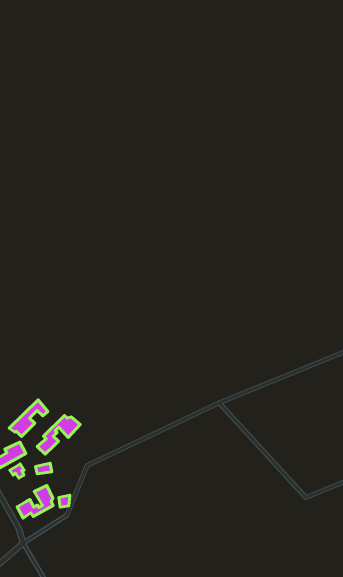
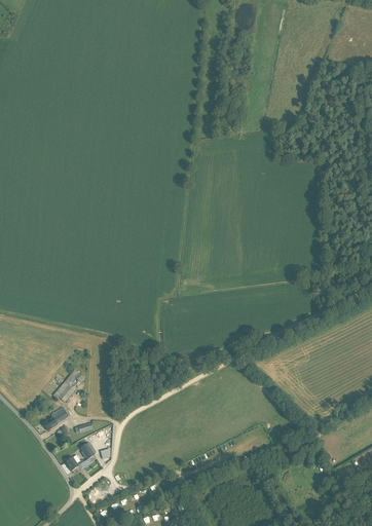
building: [37,416,80,454] -> none

